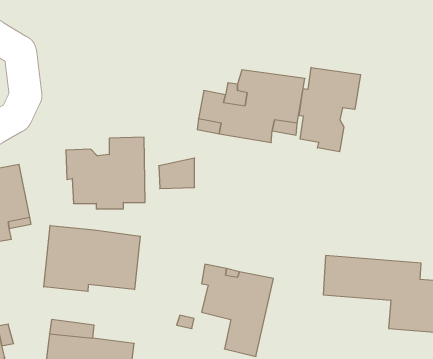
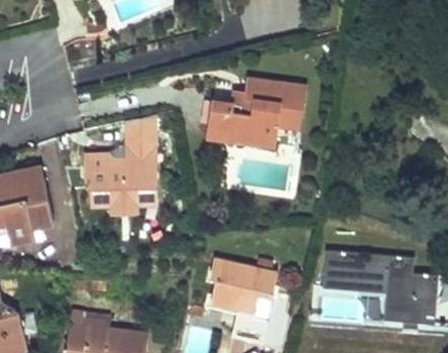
building: [299,67,361,152] -> none
building: [159,158,195,189] -> [122,114,155,142]
building: [44,225,140,291] -> none

